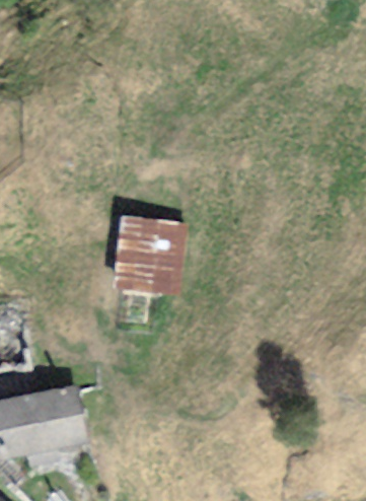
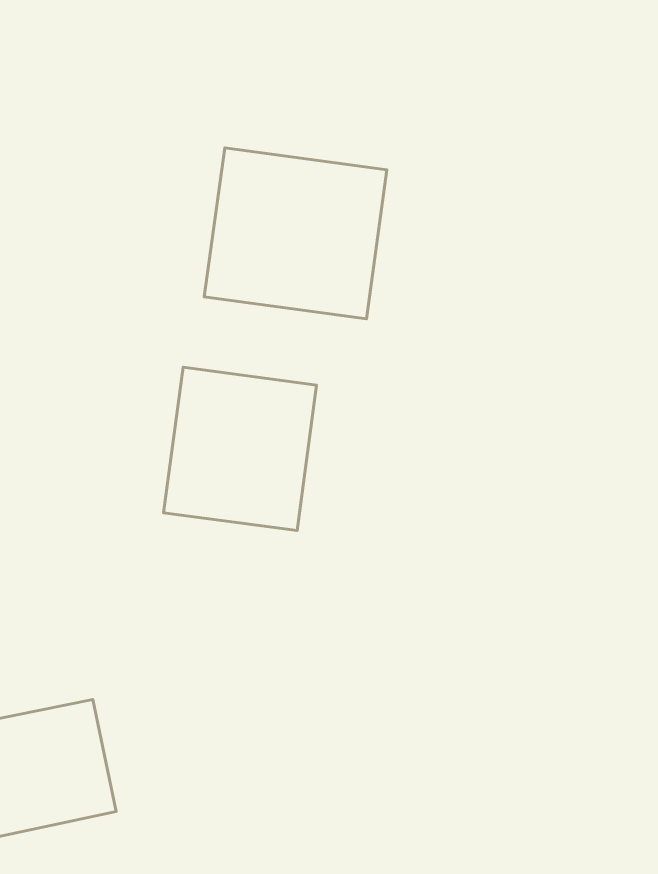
building: none -> [204,148,387,319]

